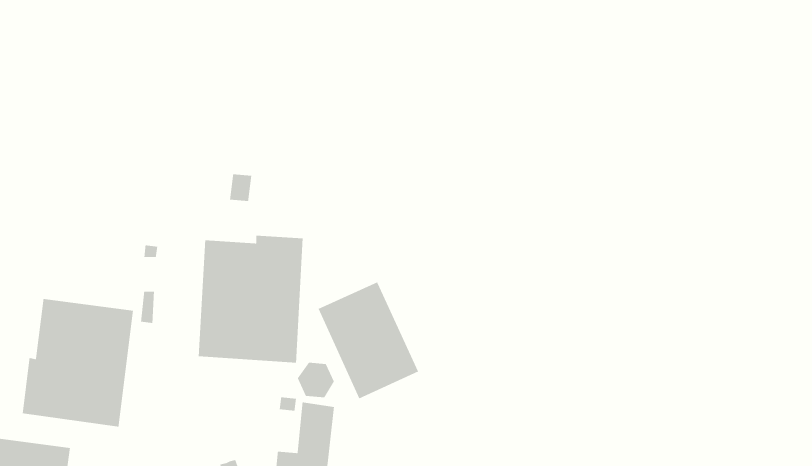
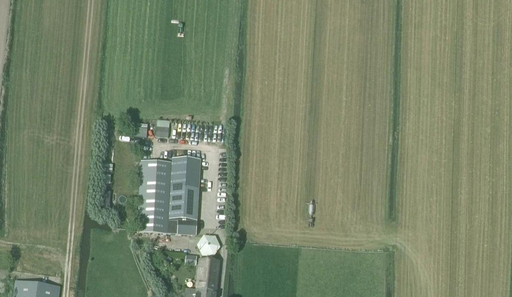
building: [318,281,419,399] -> none
building: [22,298,134,427] -> none

